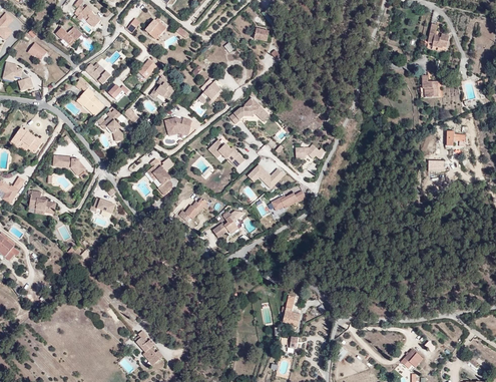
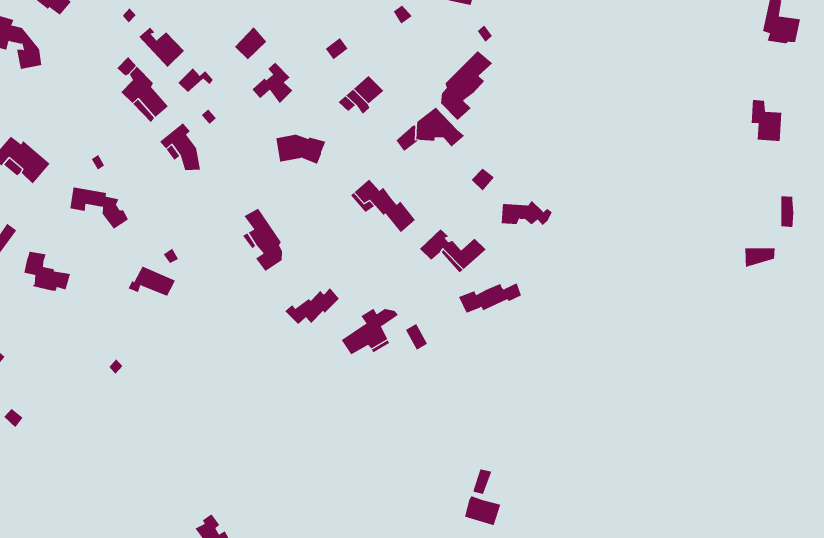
building: none -> [440,50,493,121]

